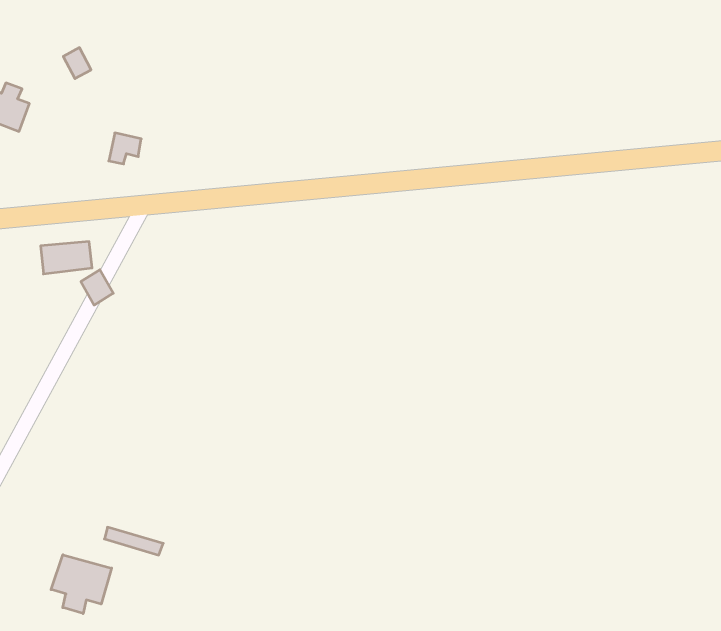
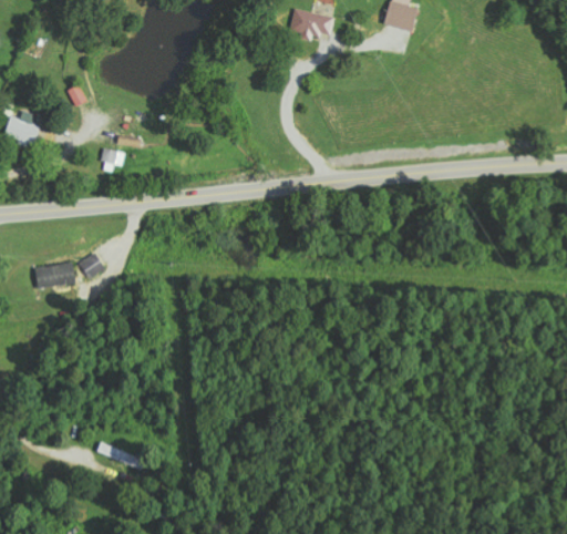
building: [41,242,92,274] -> [35,264,74,288]
building: [51,555,112,614] -> none

